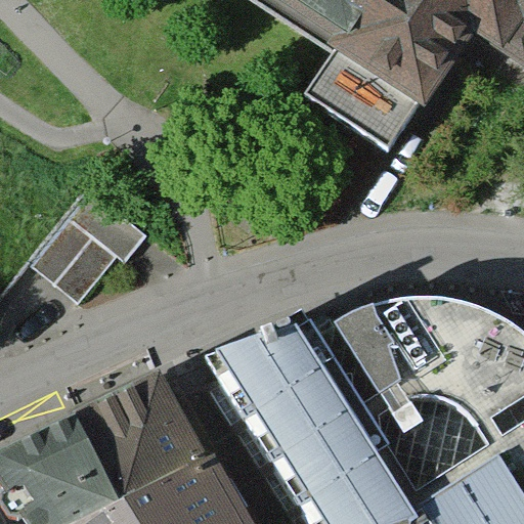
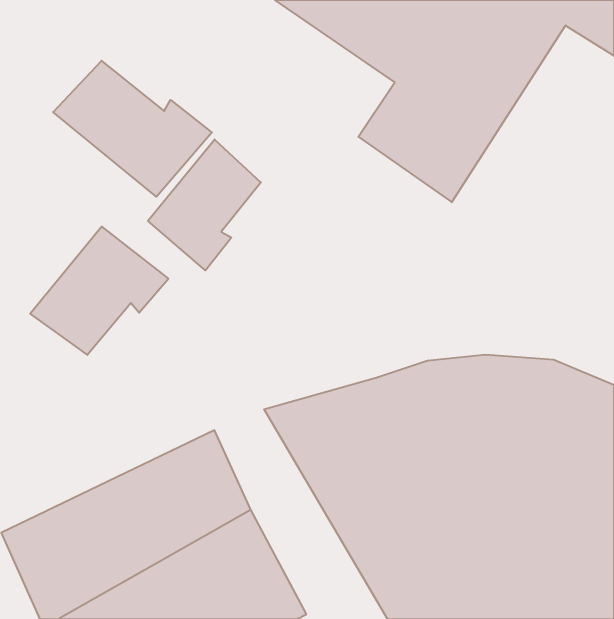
building: none -> [53,61,212,197]
building: none -> [148,139,261,270]

